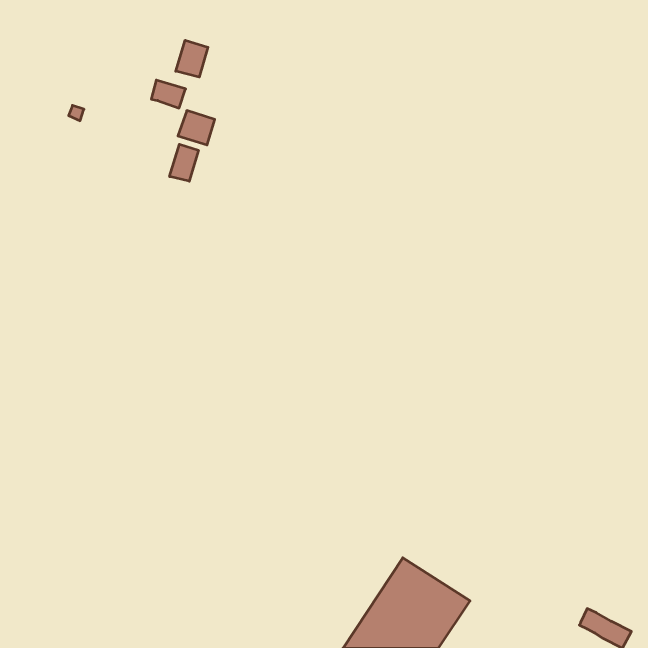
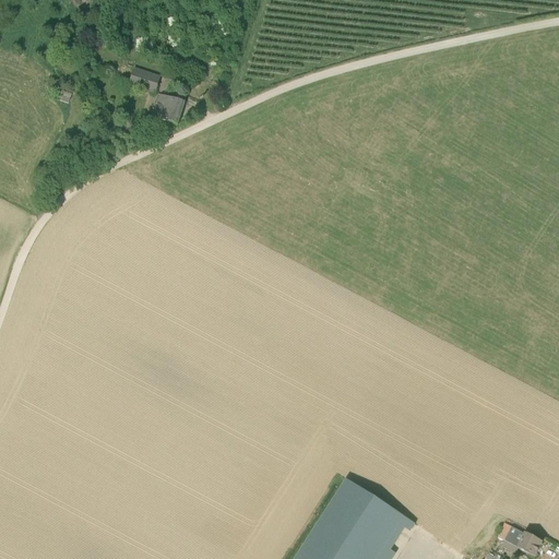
building: [176,40,208,77] -> none
building: [170,144,198,181] -> none

